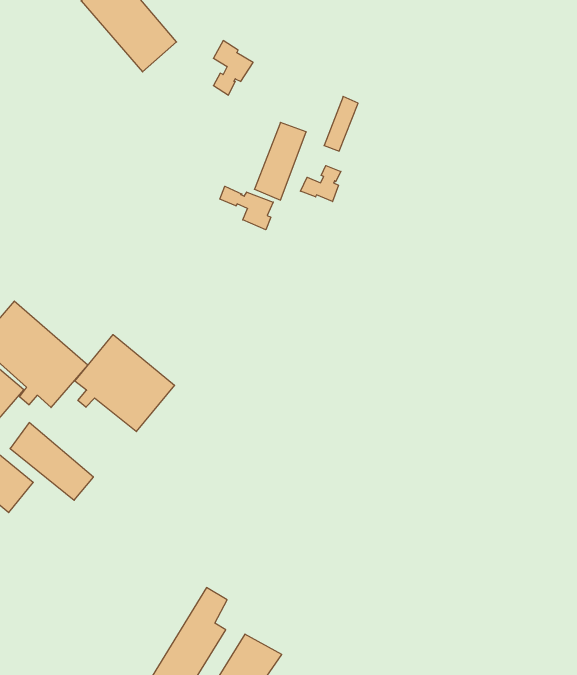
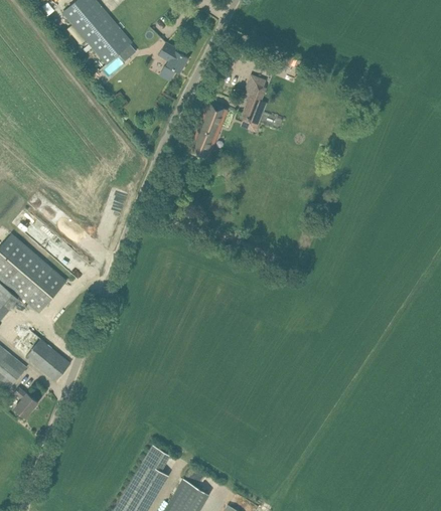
building: [300,166,341,202] -> none
building: [220,186,273,230] -> none
building: [75,335,175,432] -> none
building: none -> [14,386,38,416]

